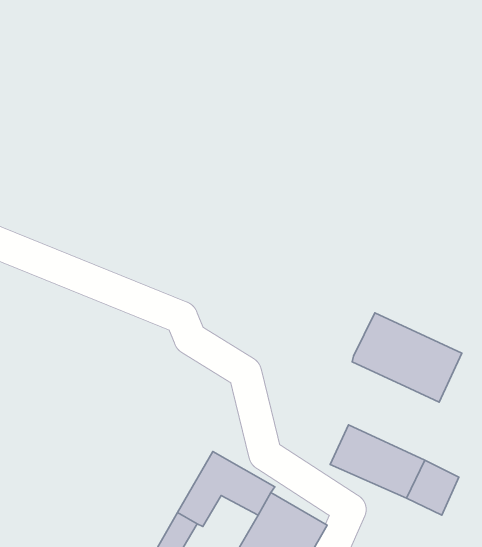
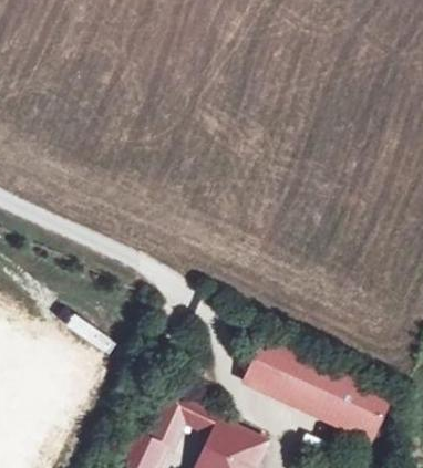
building: [352,313,462,402] -> none
building: none -> [234,346,288,396]

